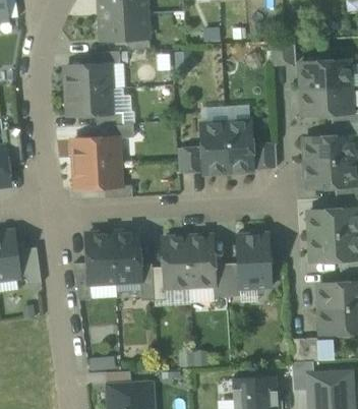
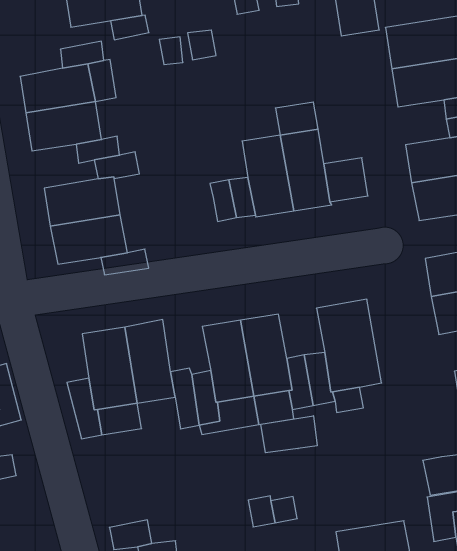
building: none -> [261,416,317,453]

